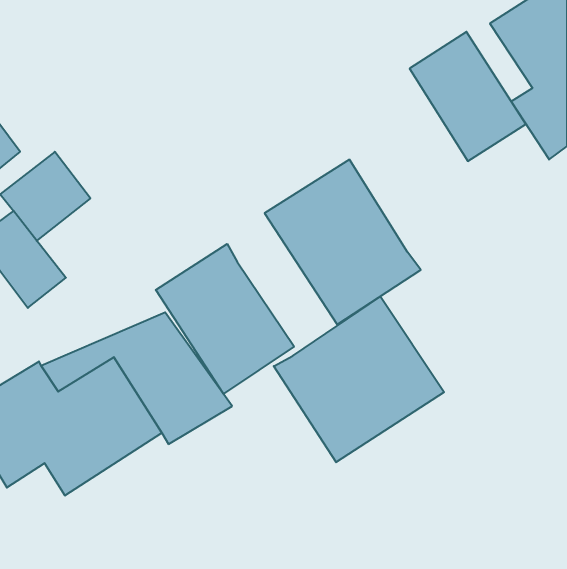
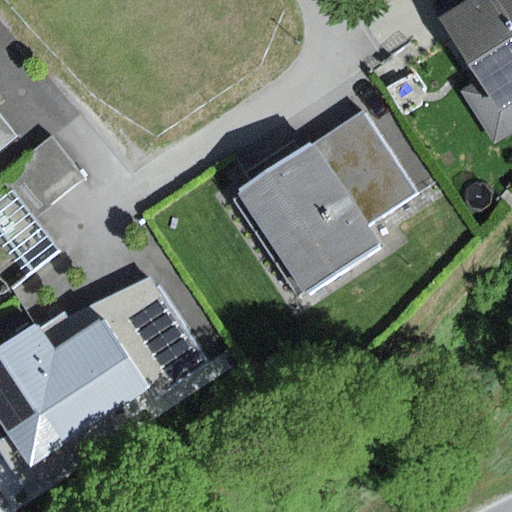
building: [410,32,526,161] -> [313,110,417,226]
building: [156,244,294,394] -> none
building: [274,296,444,462] -> none

